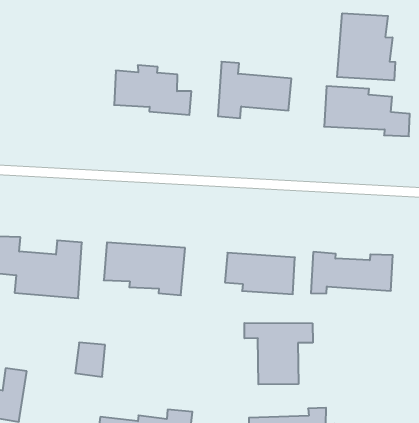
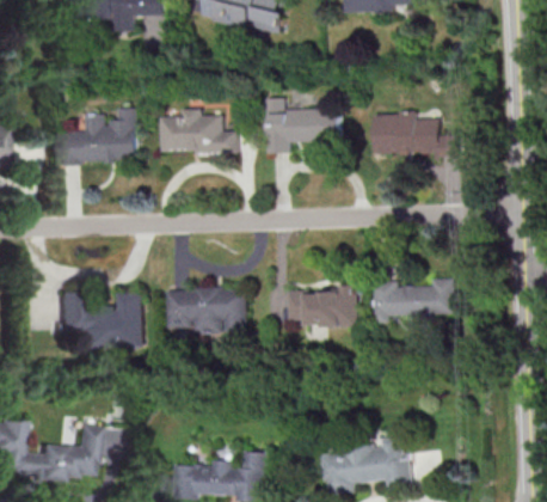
building: [337,13,395,80] -> none
building: none -> [57,108,135,165]
building: [244,323,313,384] -> none
building: [75,343,105,377] -> [97,429,124,461]

